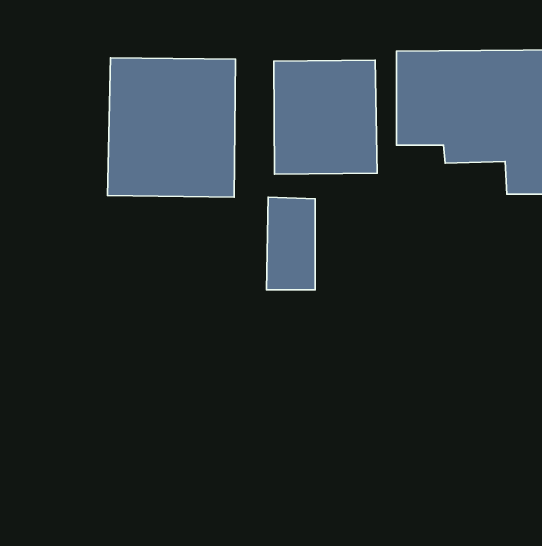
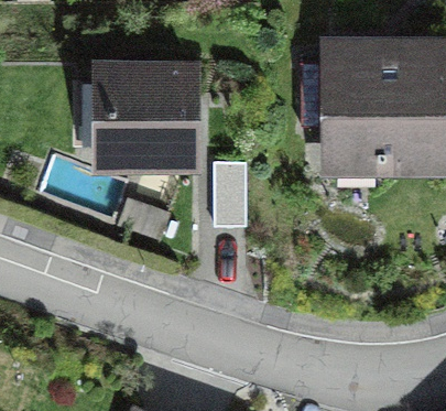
building: [274,60,377,174] -> none

